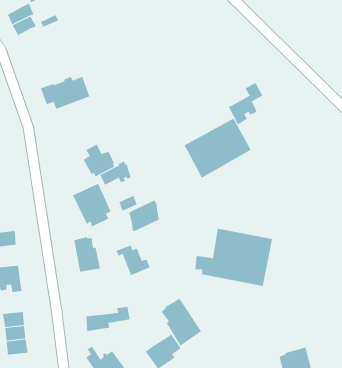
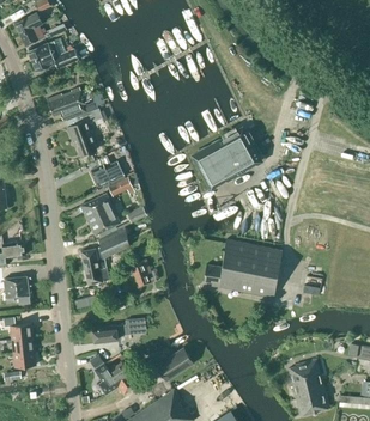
building: none -> [28,43,79,71]
building: [228,82,263,125] -> none
building: none -> [68,108,102,155]
building: [129,199,159,232] -> [98,226,129,258]
building: [161,298,202,346] -> none

